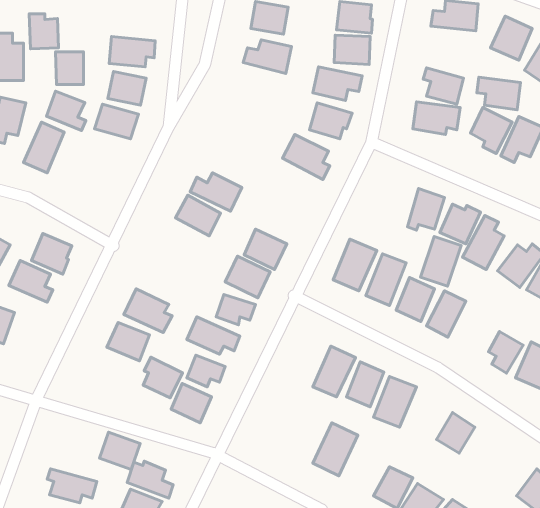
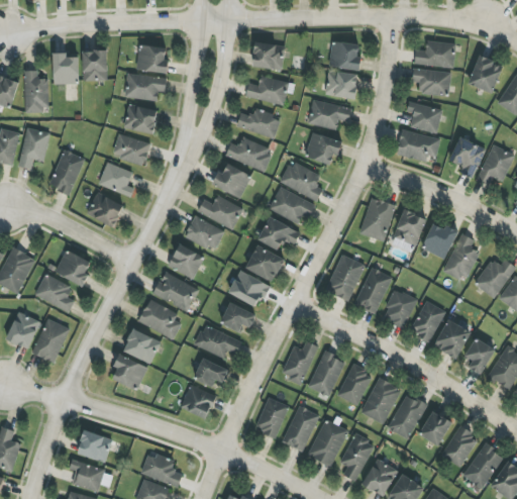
building: none -> [136,44,169,73]
building: [56,52,84,84] -> [82,51,107,80]
building: none -> [236,108,281,138]
building: [477,77,521,110] -> [411,68,450,97]
building: [46,91,86,131] -> [98,162,133,197]
building: none -> [225,136,272,171]
building: none -> [211,164,250,198]
building: none -> [268,187,315,224]
building: none -> [86,192,123,227]
building: none -> [258,218,300,249]
building: none -> [168,244,203,279]
building: [421,236,461,286] -> [358,197,395,241]
building: none -> [152,271,198,311]
building: none -> [32,319,68,363]
building: none -> [434,319,471,359]
building: none -> [281,340,318,384]
building: [143,357,182,398] -> [112,354,147,390]
building: none -> [388,394,425,438]
building: none -> [254,397,289,437]
building: none -> [282,405,318,452]
building: none -> [440,426,479,468]
building: [100,432,140,469] -> [76,429,112,463]
building: none -> [339,433,375,481]
building: none -> [462,442,503,488]

